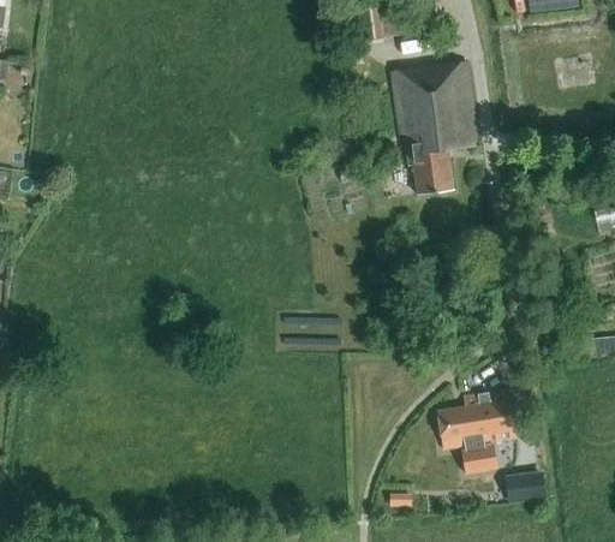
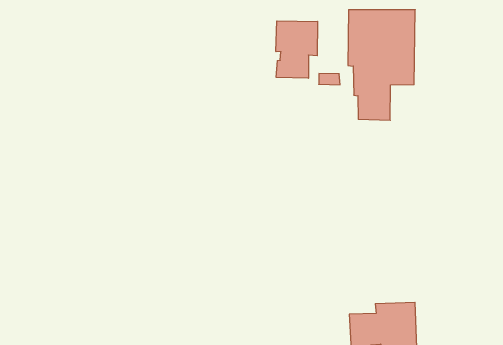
building: none -> [276,21,318,78]

